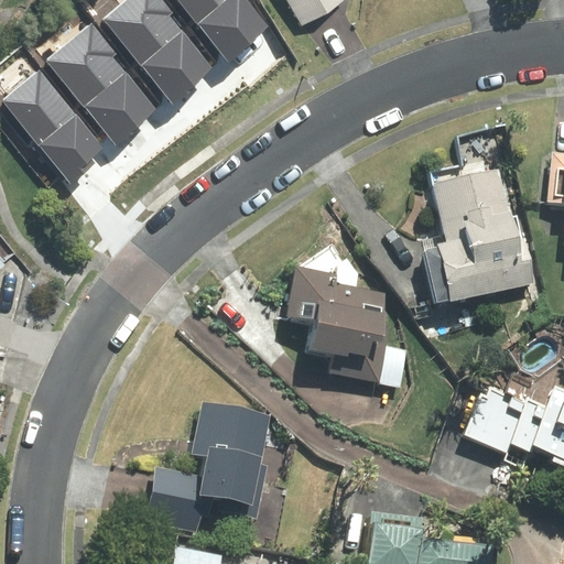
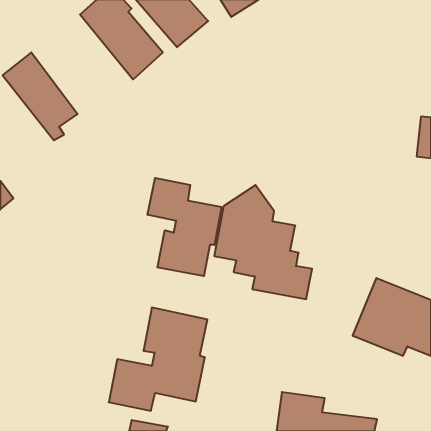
building: [50,22,153,137] -> none
building: [417,166,533,308] -> none
building: none -> [148,178,222,276]

